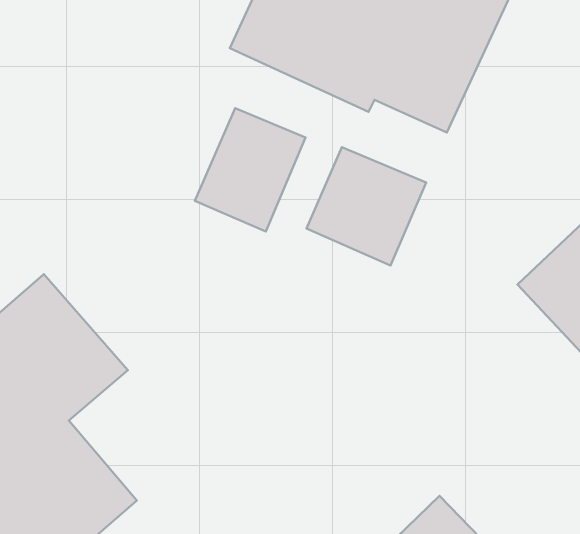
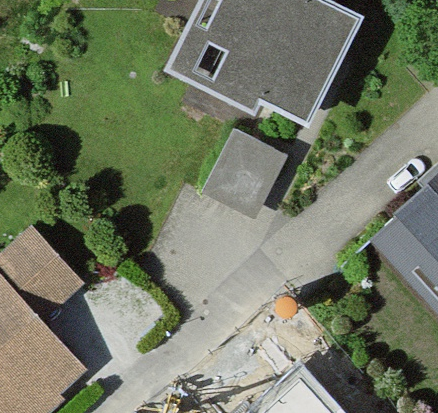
building: [195,108,305,231] -> none

